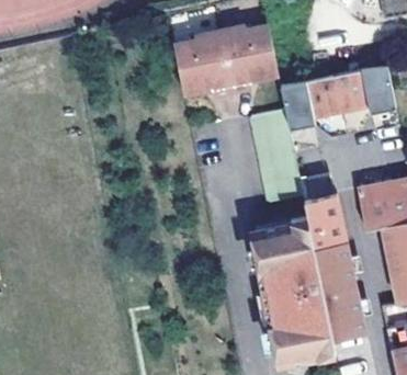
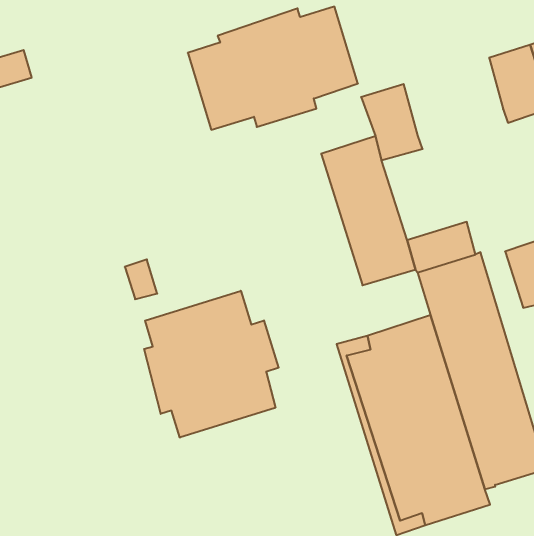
building: [306,71,366,115] -> none
building: none -> [144,291,279,438]

